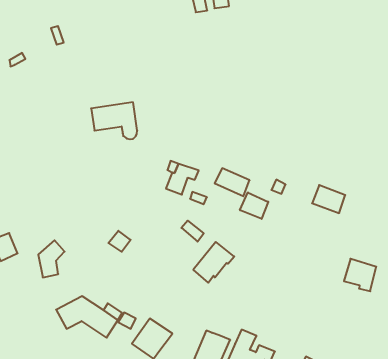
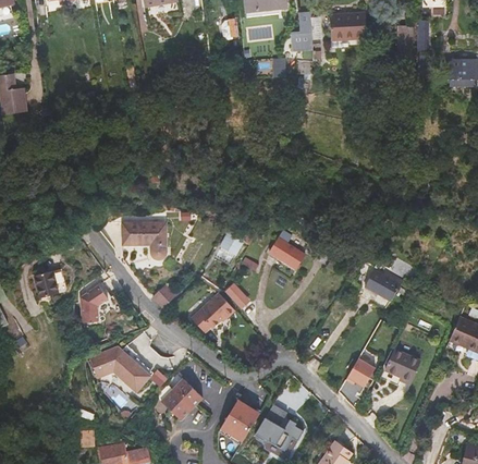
building: [91,102,137,139] -> [123,221,167,258]
building: [240,192,268,219] -> none
building: [193,242,234,283] -> [192,292,235,332]
building: none -> [346,356,375,386]

